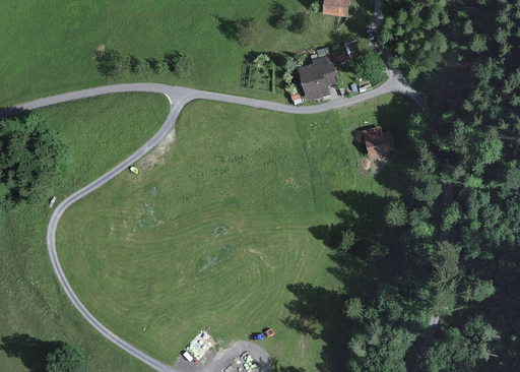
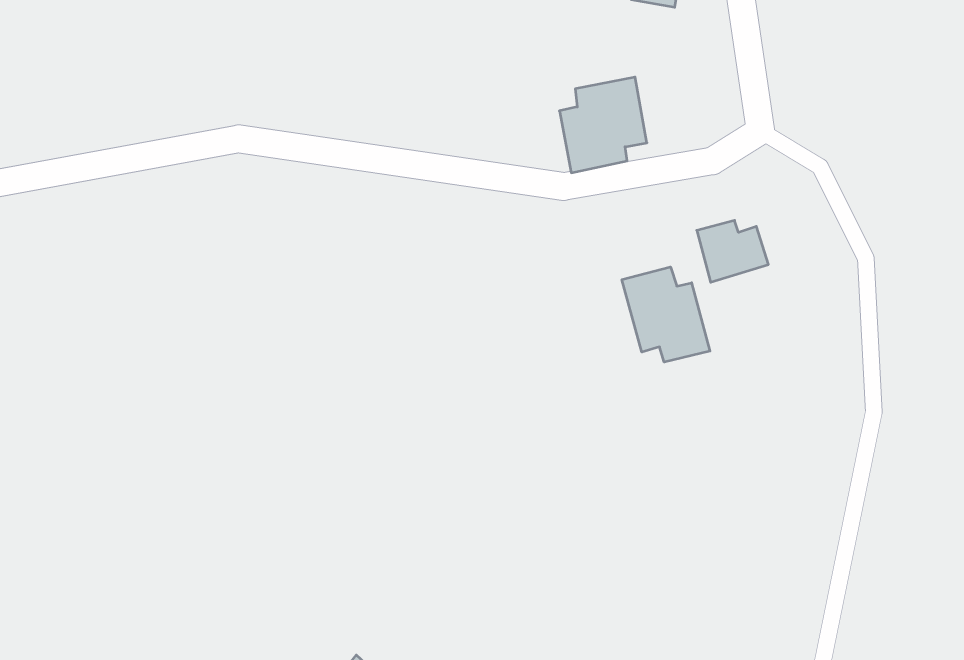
building: none -> [622,267,710,362]

